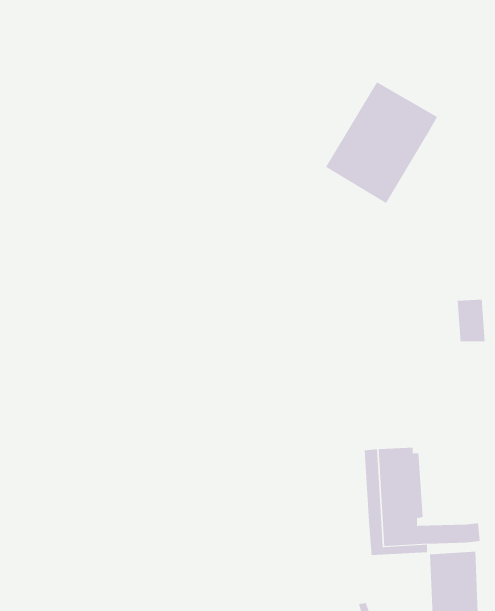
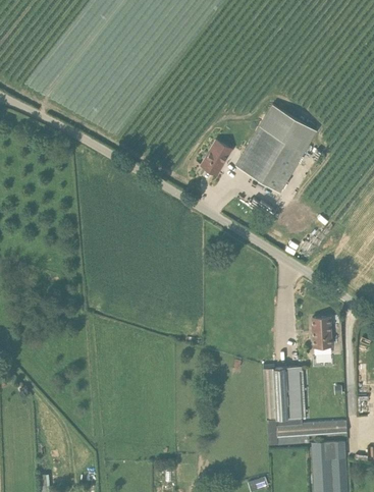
building: none -> [203,141,233,173]
building: [457,299,485,342] -> [312,317,332,347]

